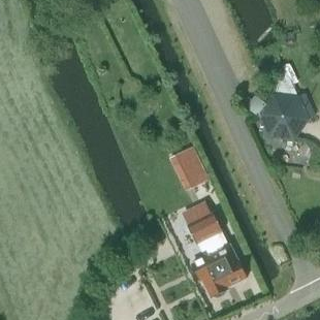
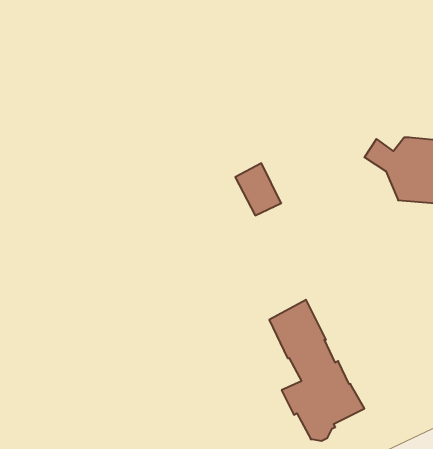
building: [175,146,206,181] -> [235,163,281,215]

